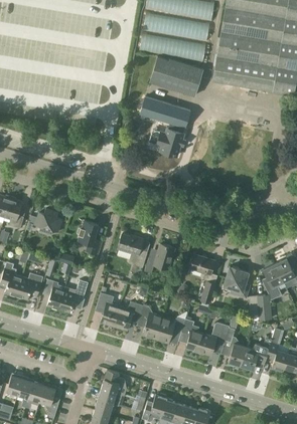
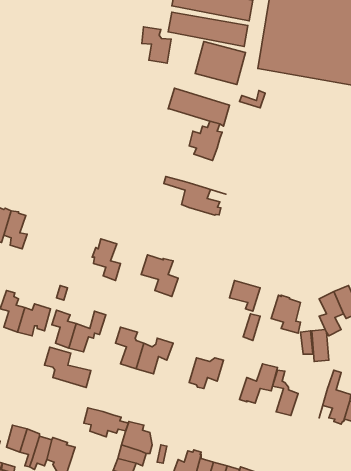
building: none -> [142,27,171,63]
building: none -> [164,176,226,215]
building: [34,208,61,235] -> none
building: [144,244,174,273] -> none
building: [138,304,162,338] -> none
building: none -> [44,347,91,388]
building: [181,319,203,352] -> none
building: [240,339,271,369] -> none
building: none -> [84,408,128,437]

